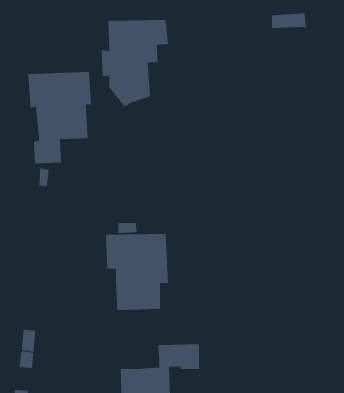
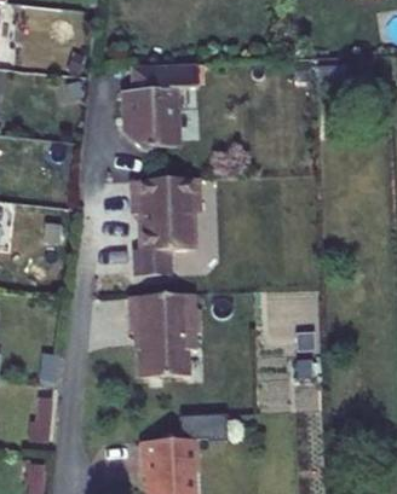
building: [27,71,92,164] -> [131,176,201,277]

